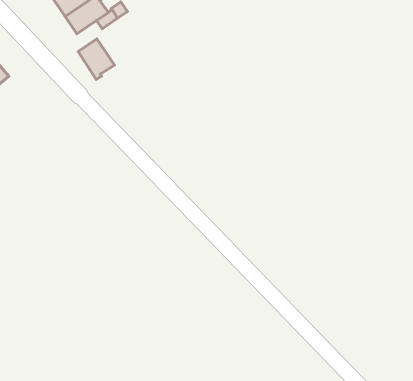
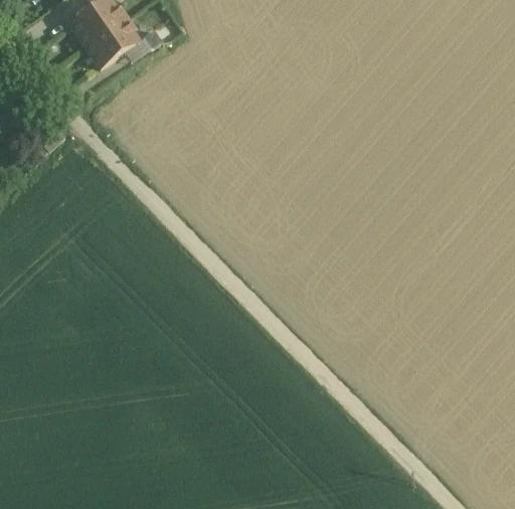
building: [78,39,114,80] -> none

